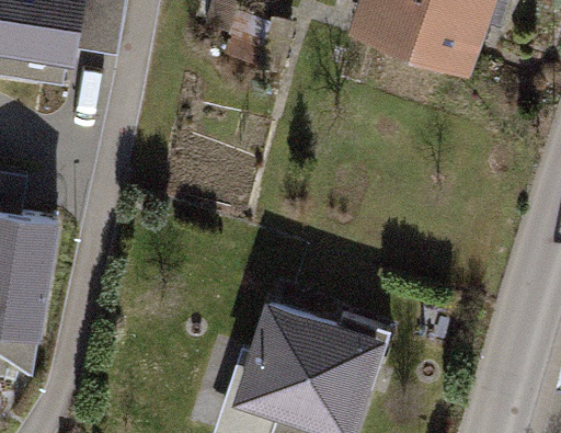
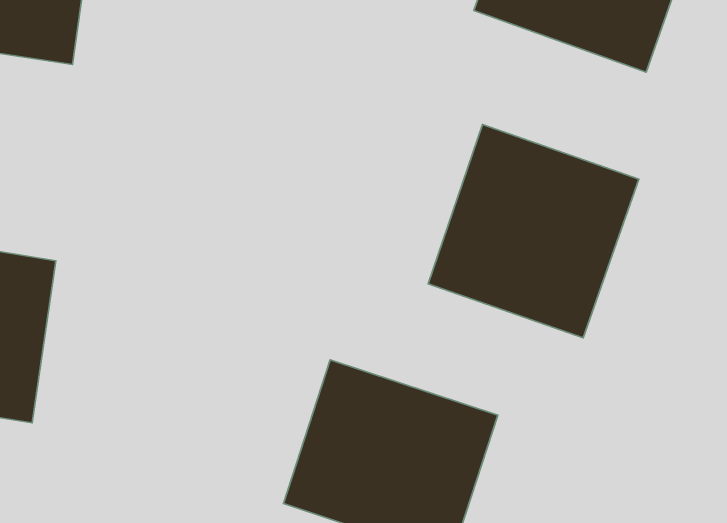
building: none -> [428,125,639,338]

